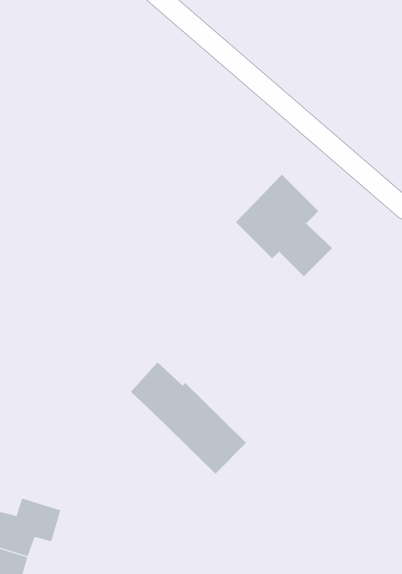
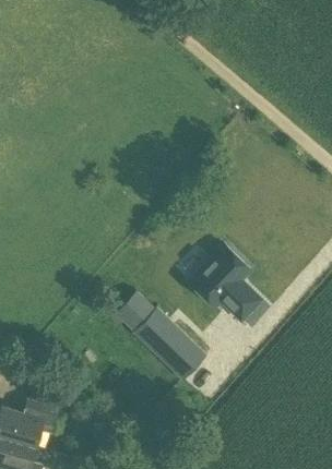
building: [235,174,333,277] -> [187,243,264,325]

